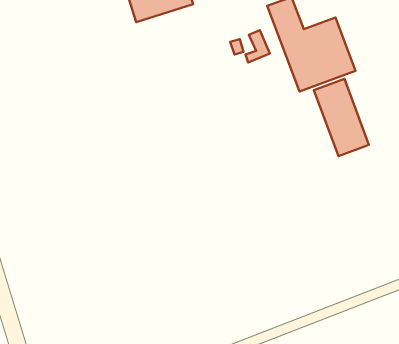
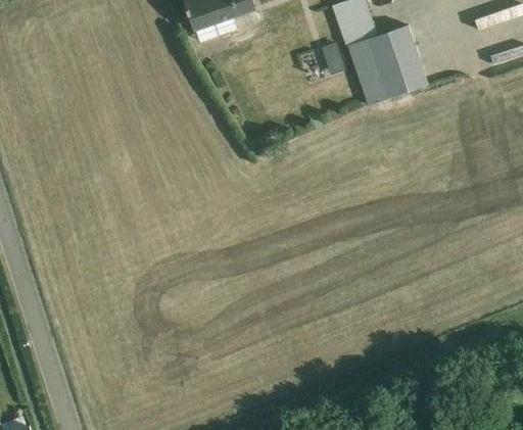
building: [314,79,369,156] -> none

